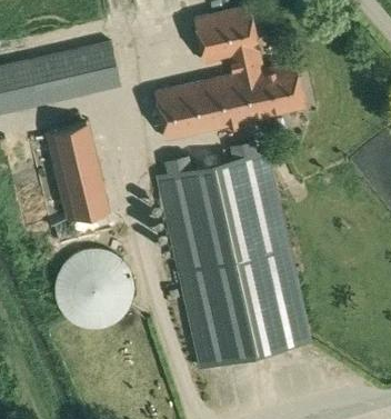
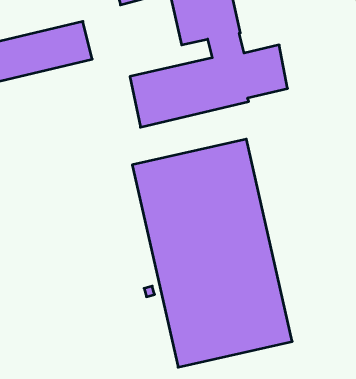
building: [47,126,111,222] -> none
building: [54,250,133,329] -> none

